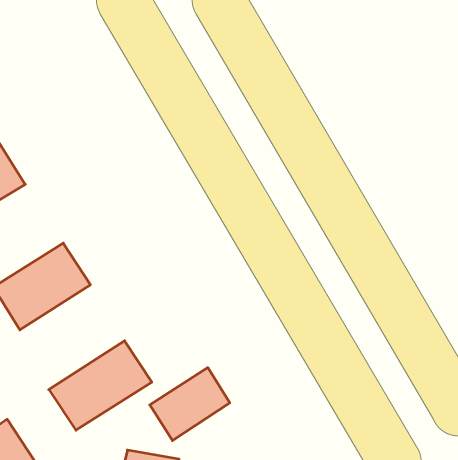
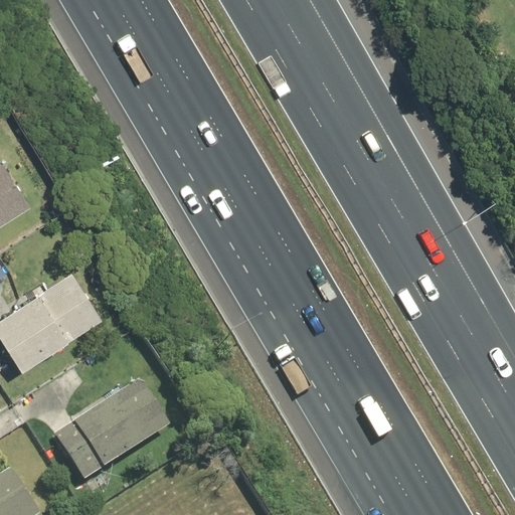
building: [150,368,230,441] -> none

